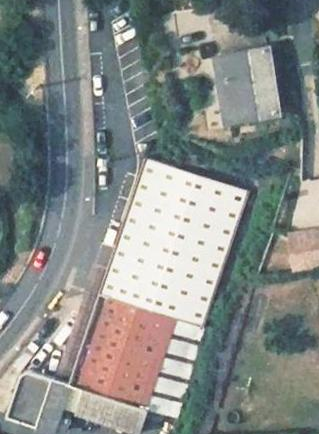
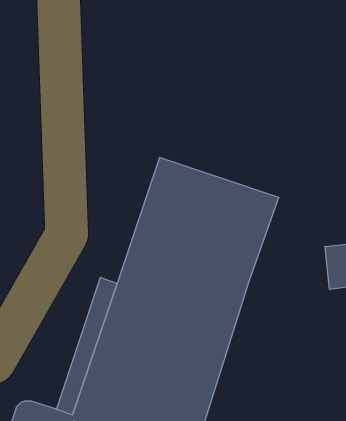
building: [219,48,279,122] -> none

